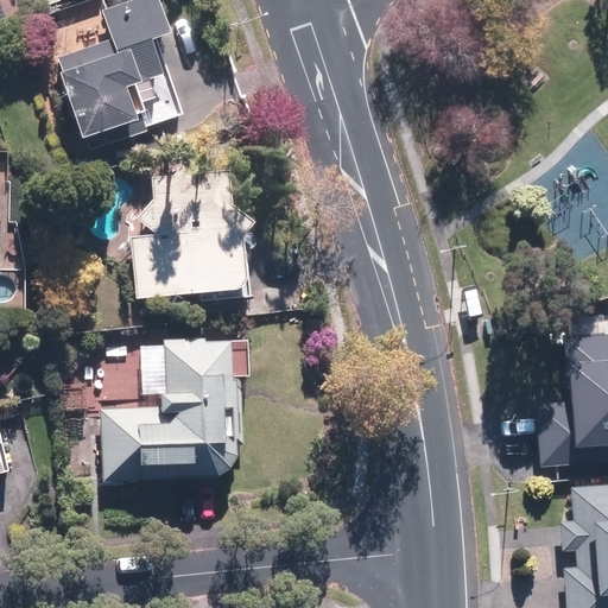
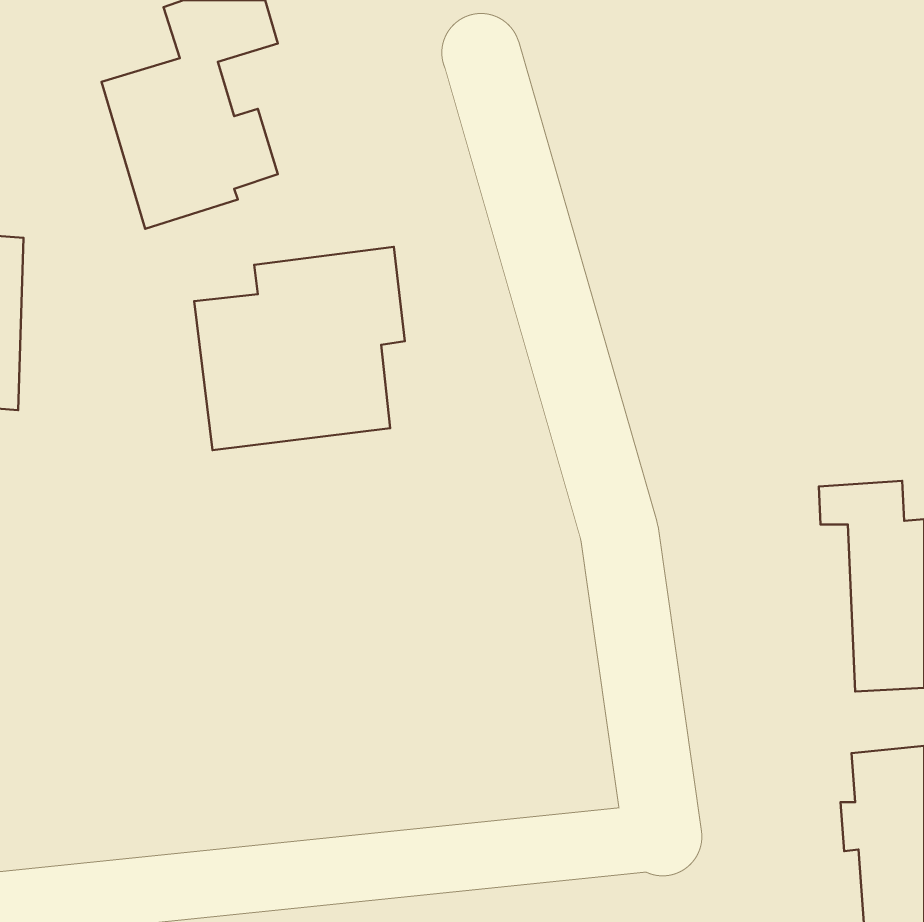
building: [99,331,241,482] -> none

